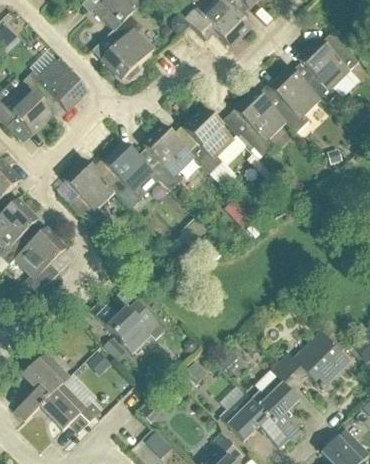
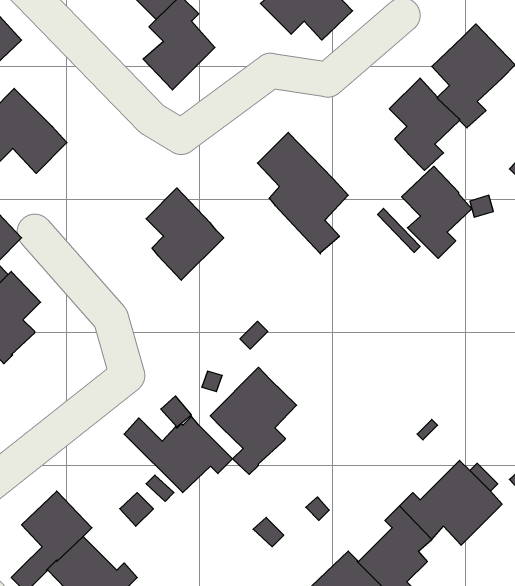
building: [22,58,87,111] -> none
building: [237,92,285,155] -> [402,166,472,258]
building: [146,127,194,190] -> none
building: [66,161,114,224] -> none
building: [14,230,63,293] -> none
building: none -> [210,367,297,474]

